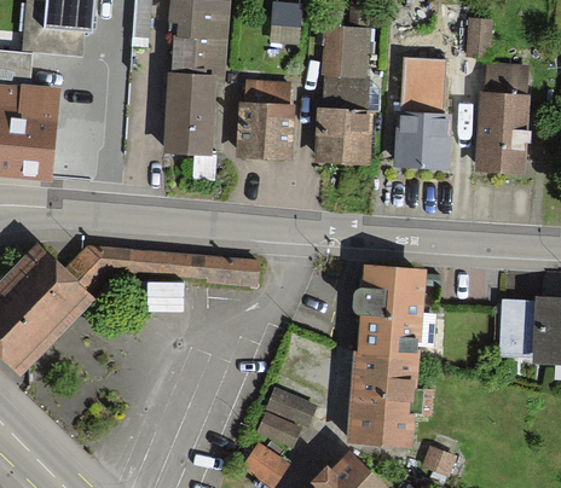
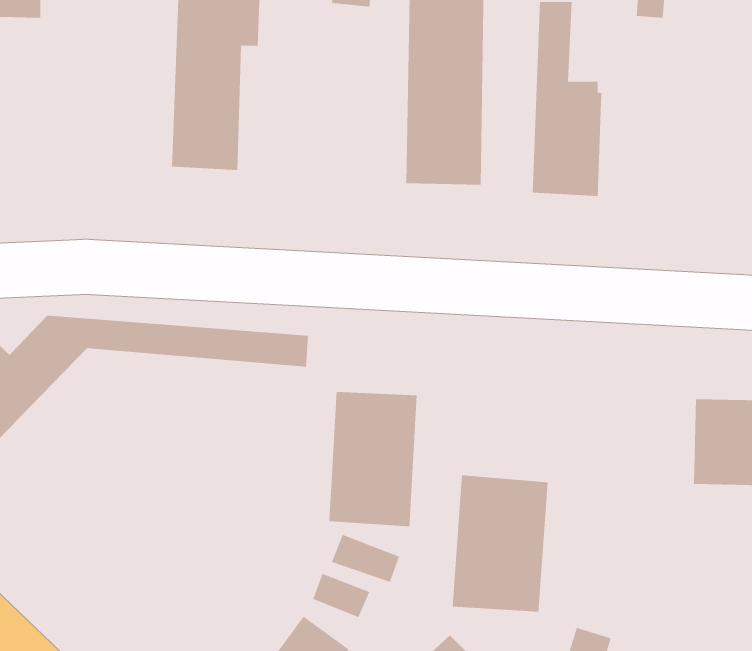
building: [479,63,531,173] -> none
building: [243,81,290,156] -> none
building: [363,266,421,354] -> [328,391,418,527]

